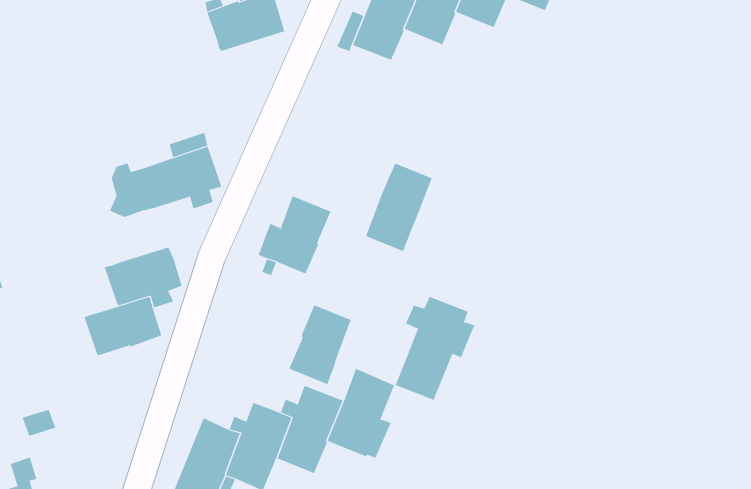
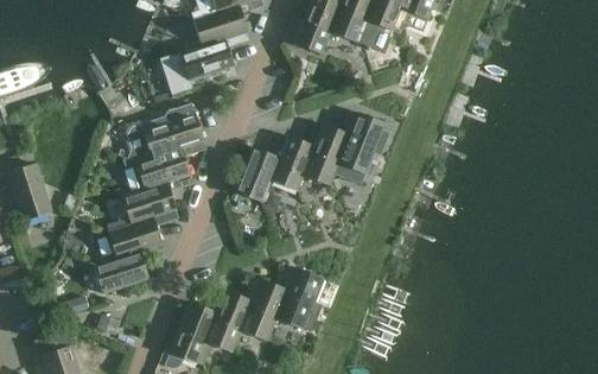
building: none -> [163,40,235,95]
building: none -> [122,148,190,194]
building: [395,296,475,401] -> [335,113,390,185]
building: [288,305,352,385] -> [271,135,314,191]
building: none -> [95,252,150,294]

